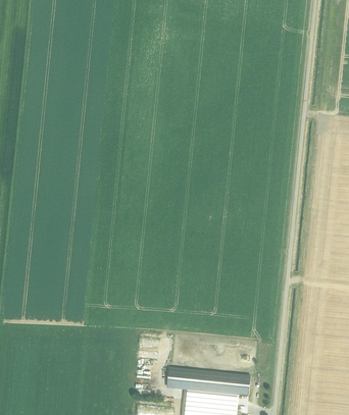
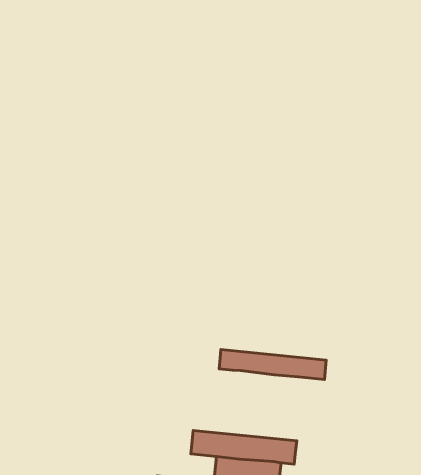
building: none -> [219,350,326,379]

